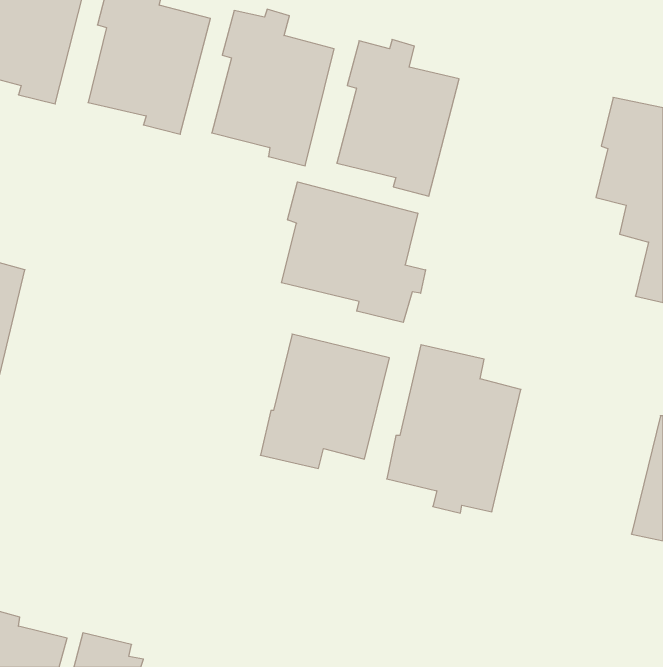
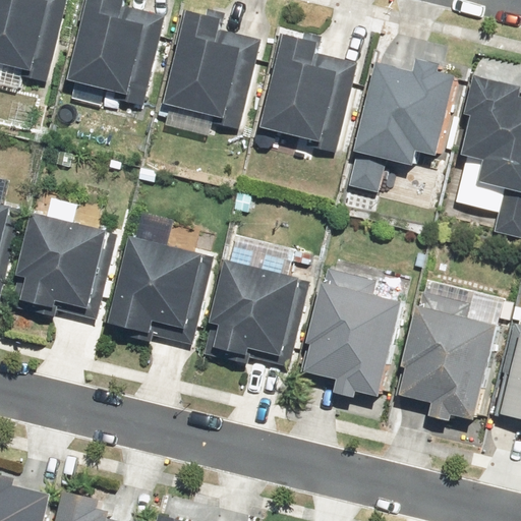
building: none -> [347,58,458,191]
building: [281,182,426,322] -> none
building: none -> [9,212,116,319]
building: none -> [105,235,212,343]
building: none -> [399,289,499,420]

